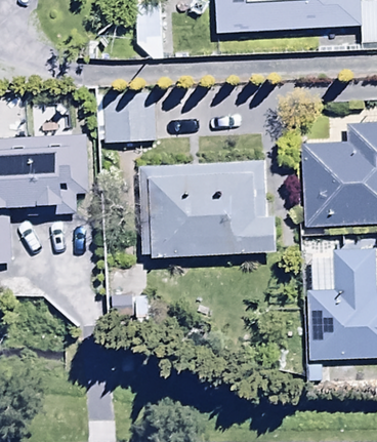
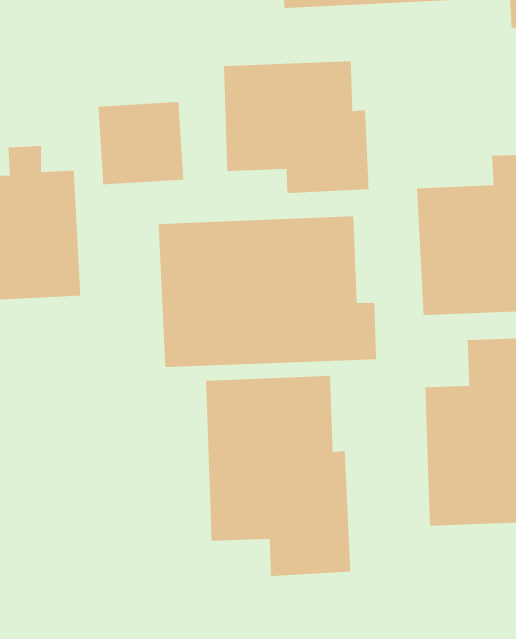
building: none -> [224,60,369,194]
building: none -> [205,375,351,577]

